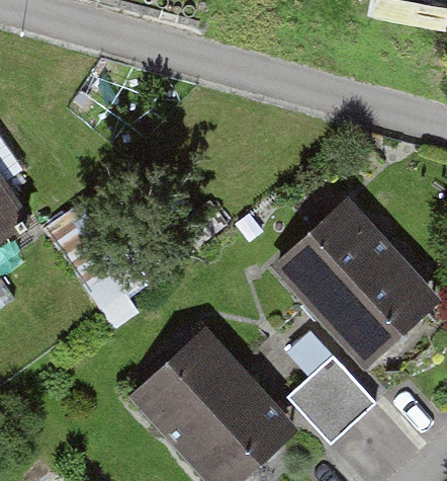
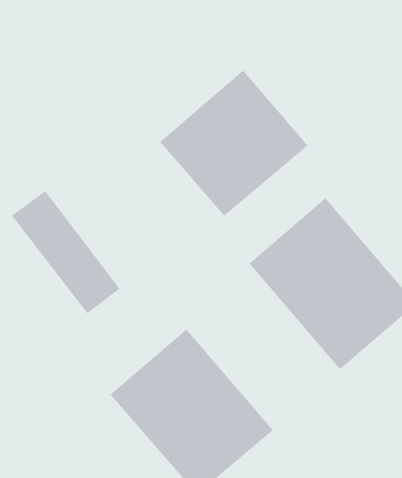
building: none -> [159,70,308,217]
building: [288,355,375,442] -> none

